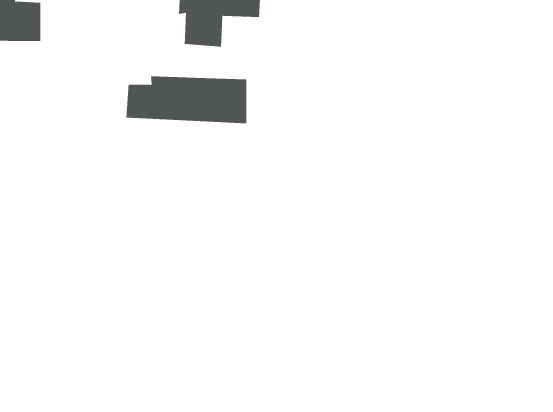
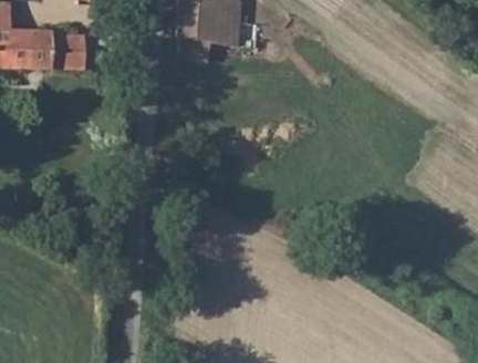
building: [126,75,247,124] -> none

